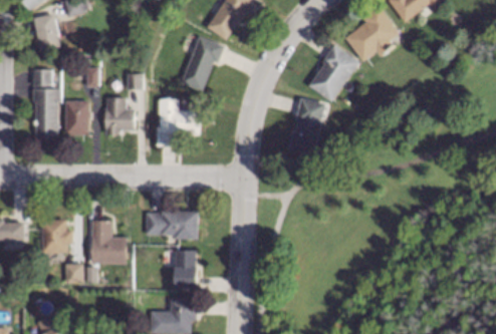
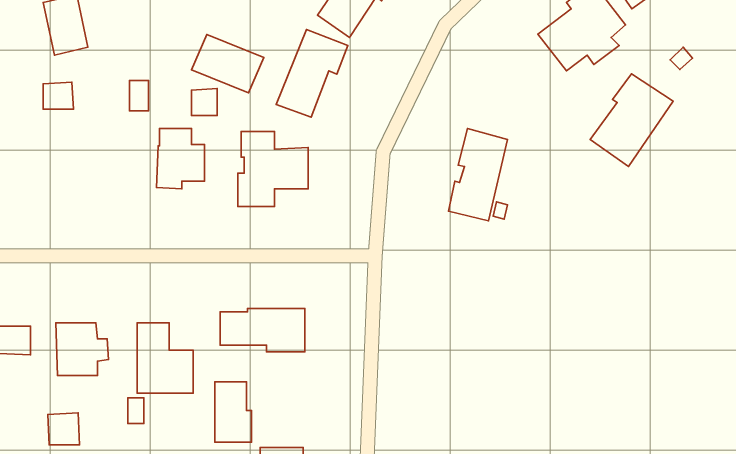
building: none -> [192,34,264,93]
building: [307,44,359,102] -> [590,74,673,166]
building: [31,88,58,134] -> none
building: [65,100,89,134] -> none
building: [175,250,198,288] -> [215,382,251,442]
building: [64,263,84,283] -> [48,413,80,445]

